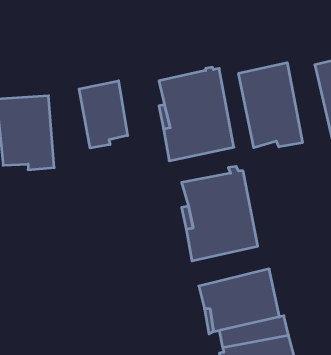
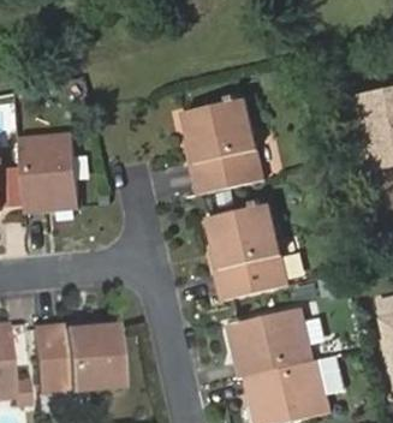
building: [239,63,302,148] -> none
building: [79,81,128,148] -> none
building: none -> [31,323,119,395]

